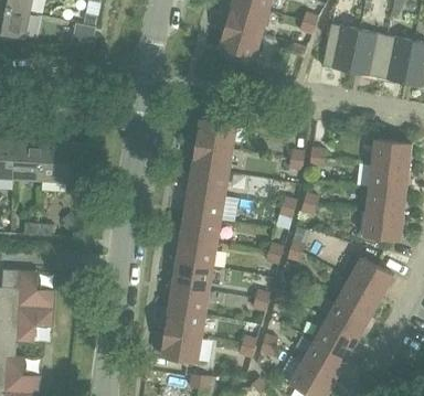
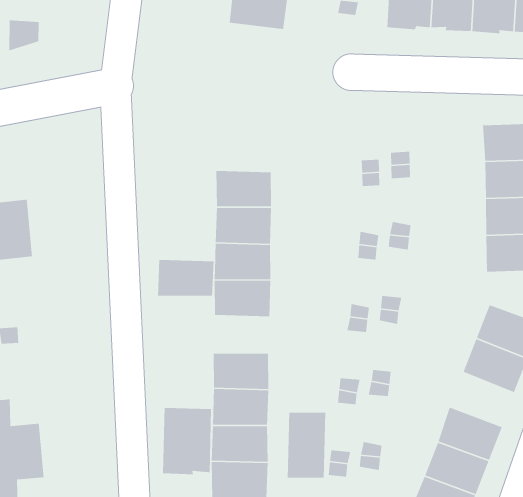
building: [195,119,236,149] -> none
building: [176,237,216,267] -> [157,259,214,296]
building: none -> [162,407,212,475]
building: [325,299,369,339] -> none
building: none -> [287,412,326,478]

